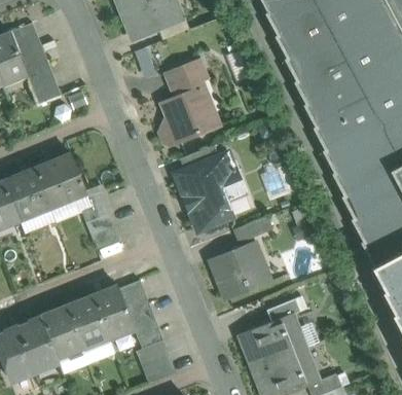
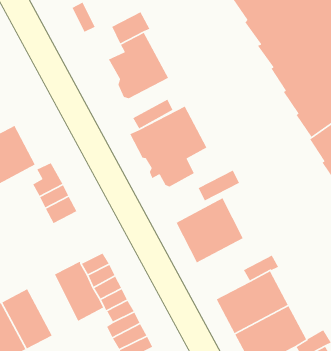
building: [67,295,110,352] -> none

